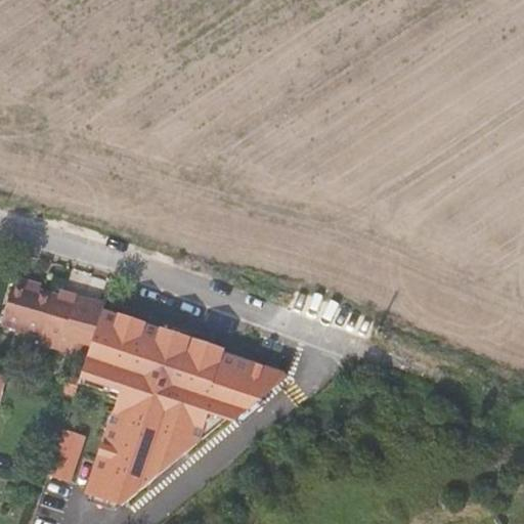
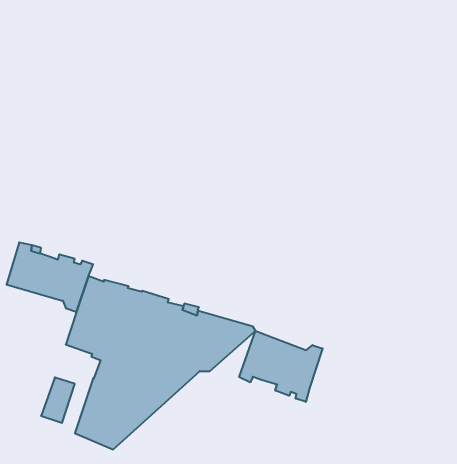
building: none -> [239,331,323,402]

